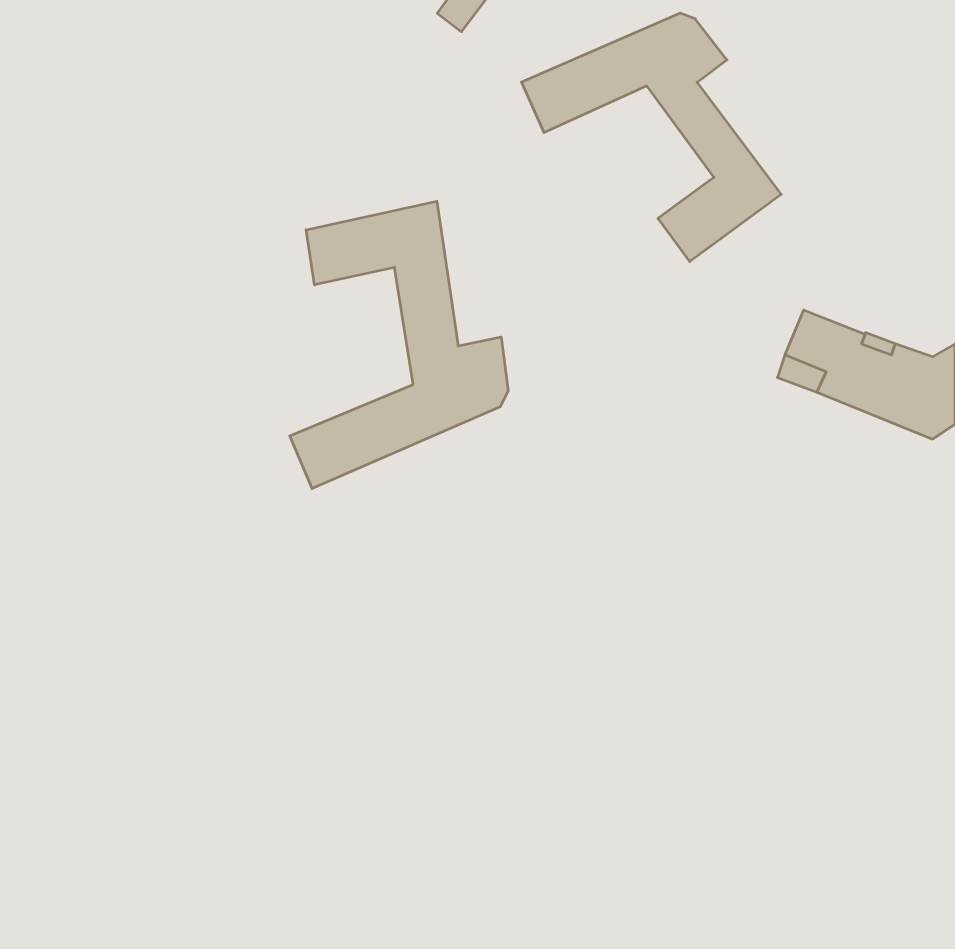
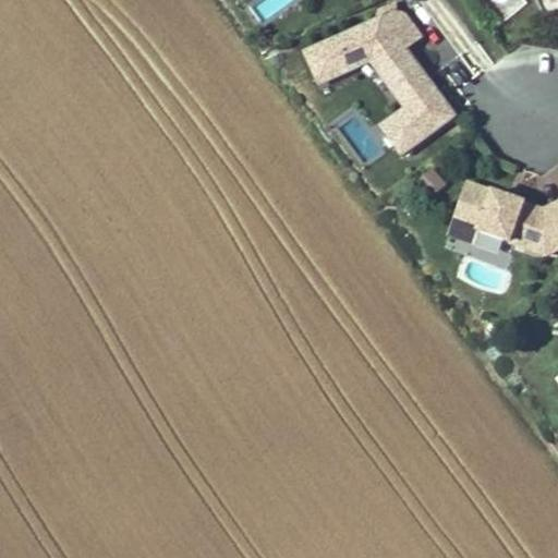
building: [290,201,508,489] -> none

